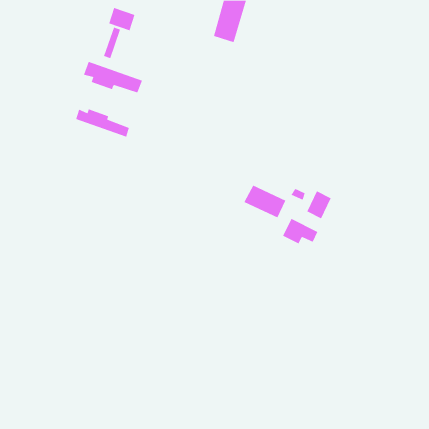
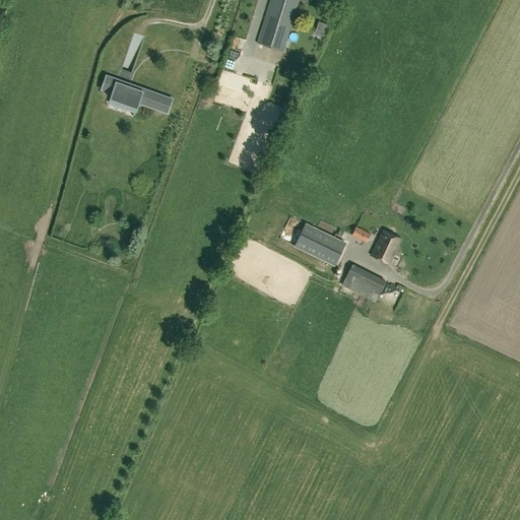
building: [109,7,135,31] -> none
building: [75,109,130,138] -> none

